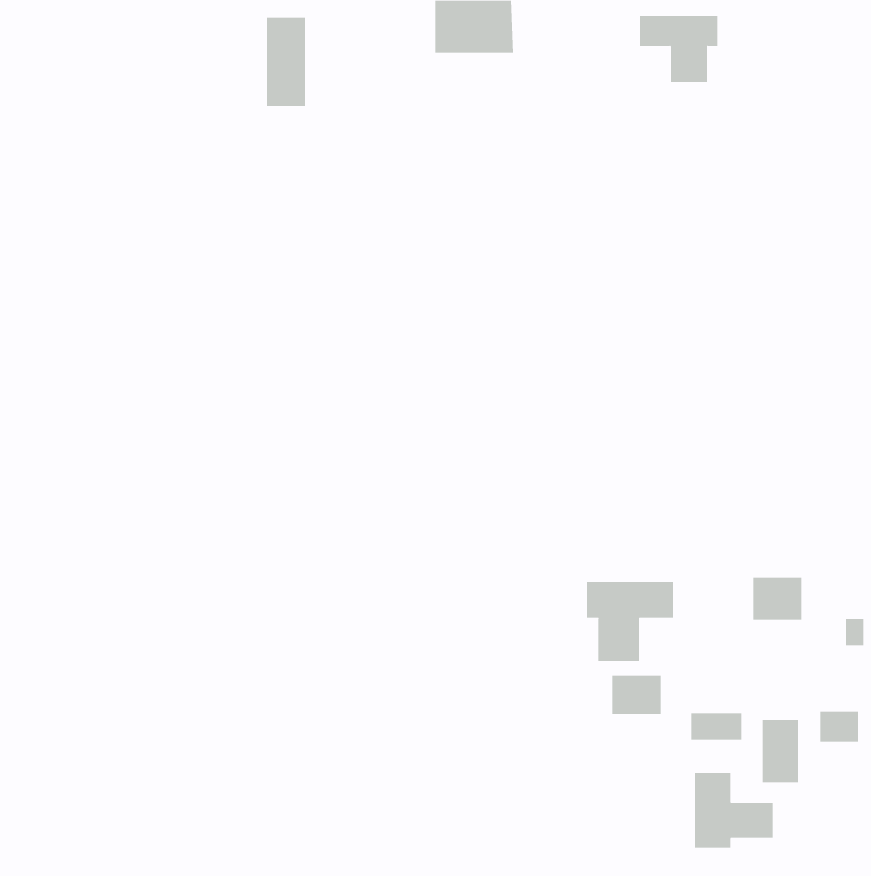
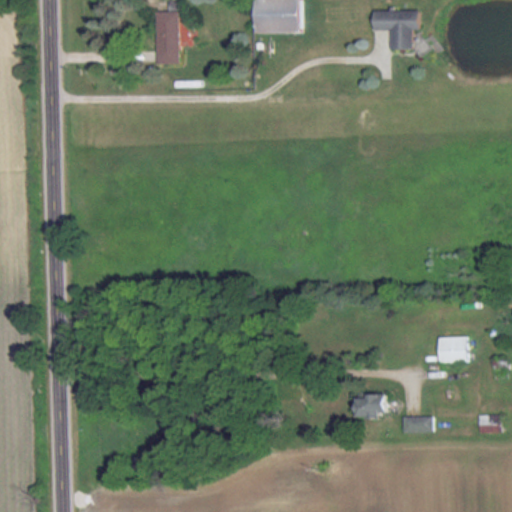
building: [587,581,674,662] -> none
building: [762,719,799,783] -> none
building: [695,772,773,849] -> none

